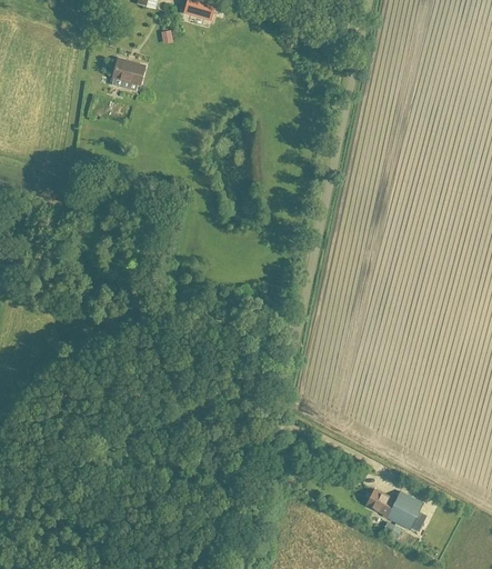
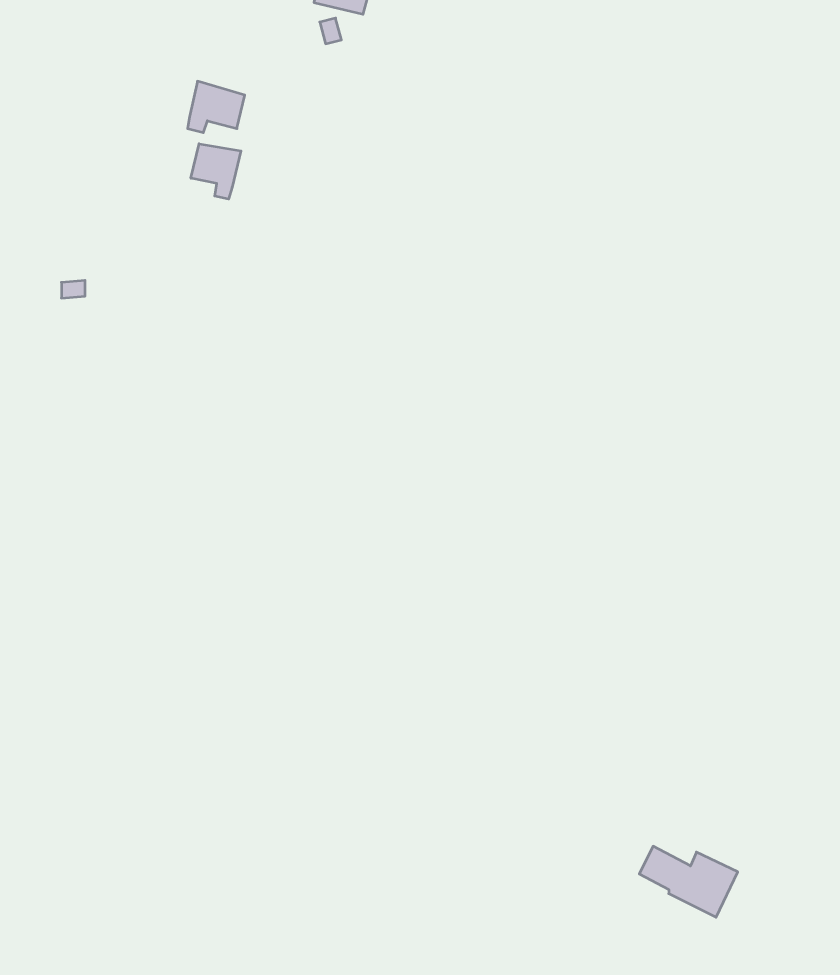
building: none -> [191,144,241,199]

